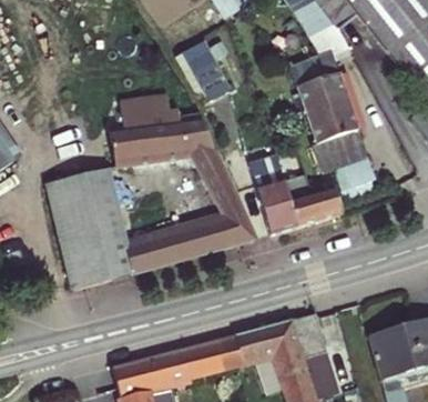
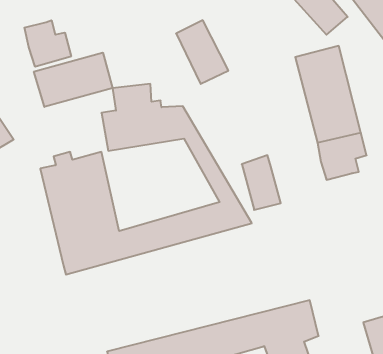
building: none -> [24,20,71,67]
building: none -> [34,53,113,107]
building: [277,175,335,219] -> none

